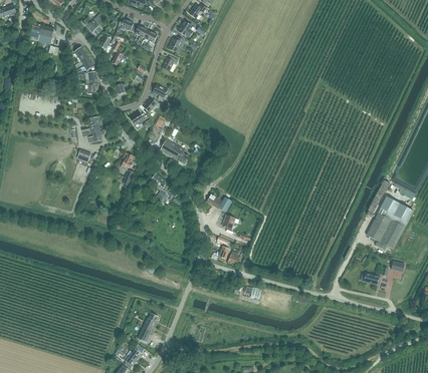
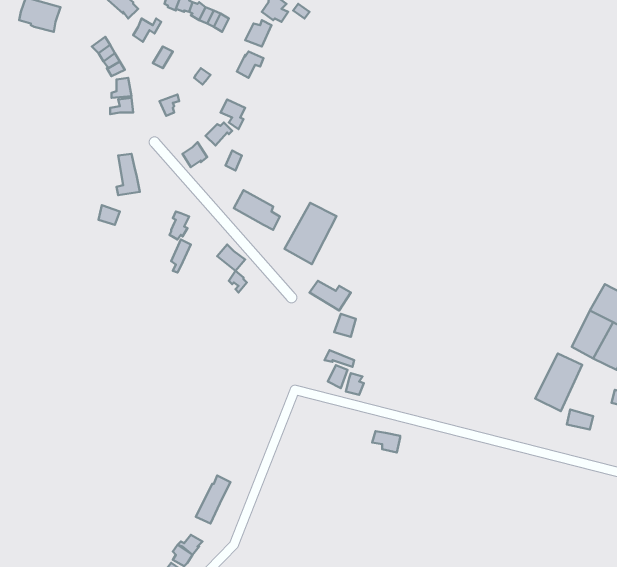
building: none -> [285,203,336,264]
building: none -> [535,354,582,411]

